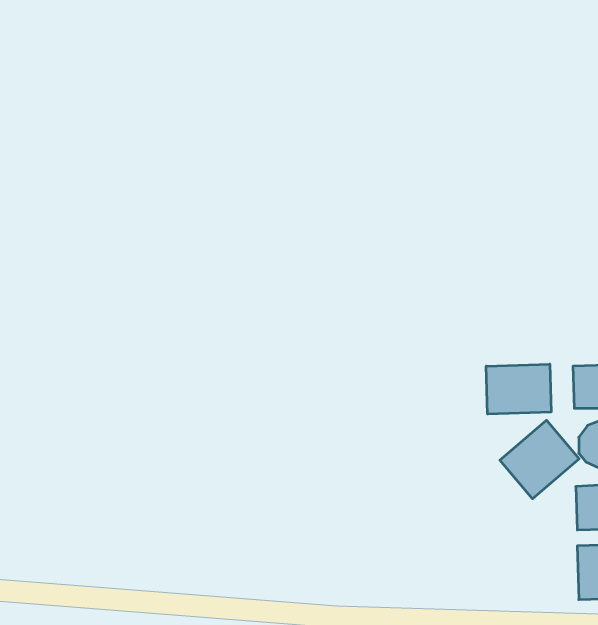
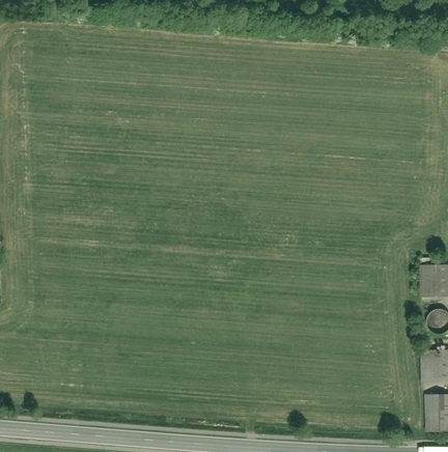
building: [486,364,551,414] -> none
building: [500,420,579,499] -> none

